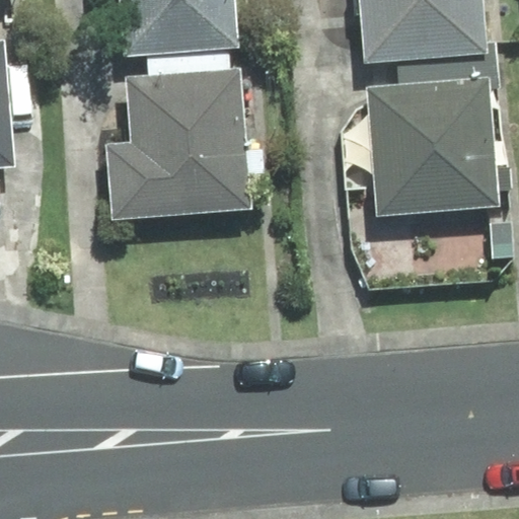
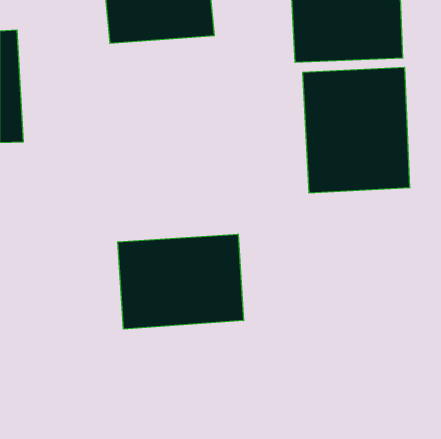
building: [117,57,265,212] -> none
building: none -> [118,234,244,329]

